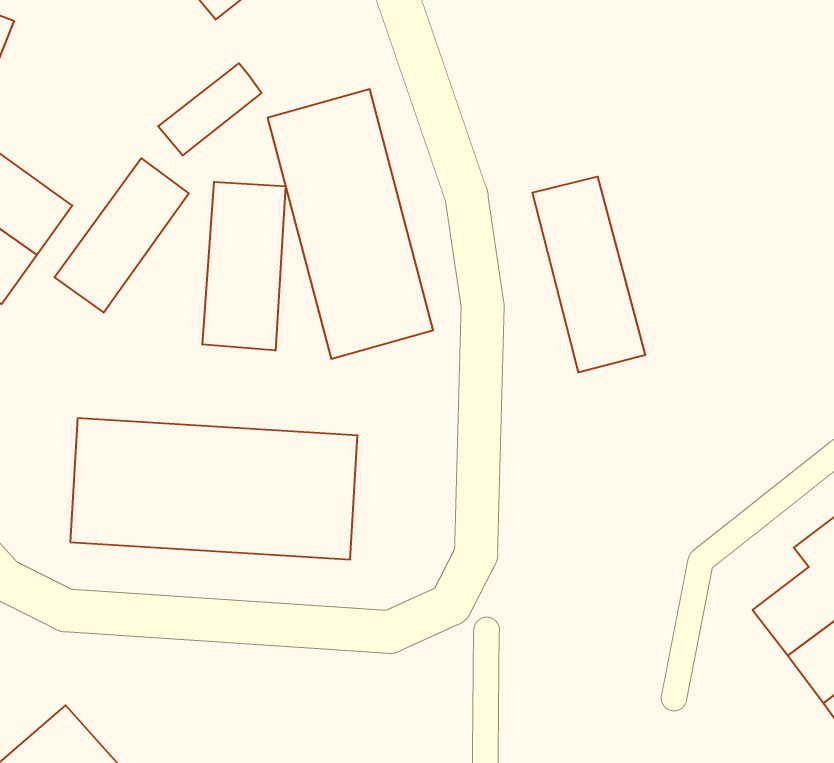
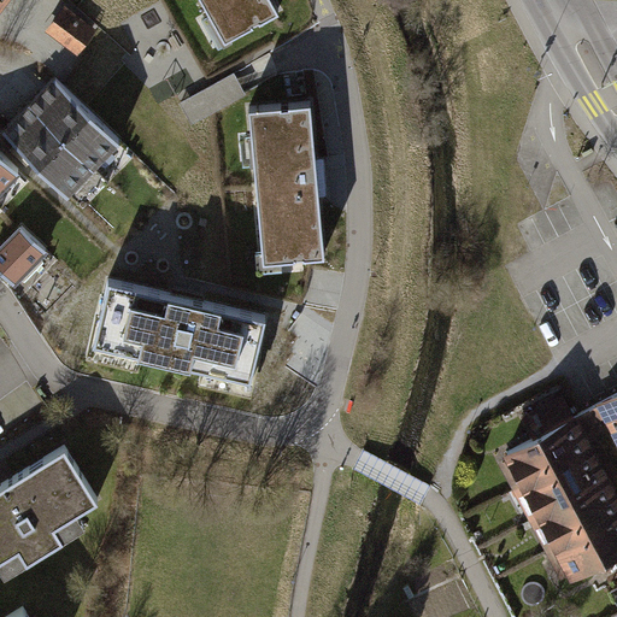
building: [54,158,189,313] -> none
building: [532,177,645,373] -> none
building: [202,182,286,351] -> none

